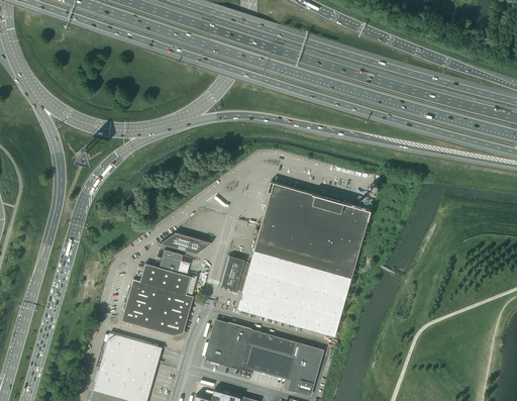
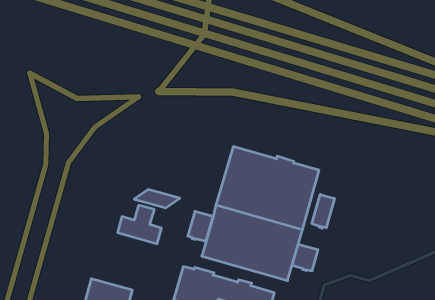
building: none -> [312,194,334,228]
building: [121,280,193,335] -> none
building: none -> [292,244,318,271]

